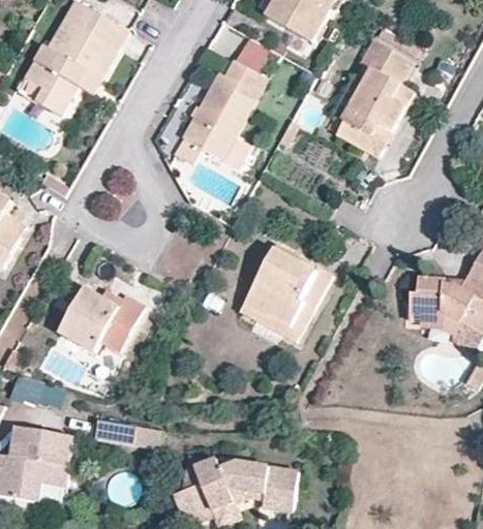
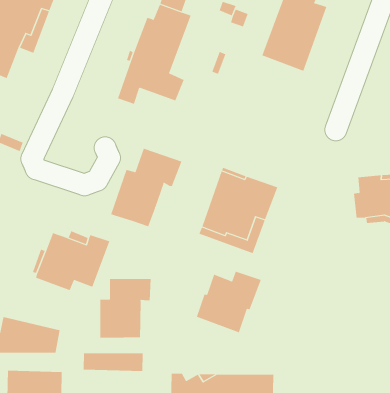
building: none -> [110,148,182,227]
building: none -> [100,278,151,339]
building: none -> [196,271,261,333]

